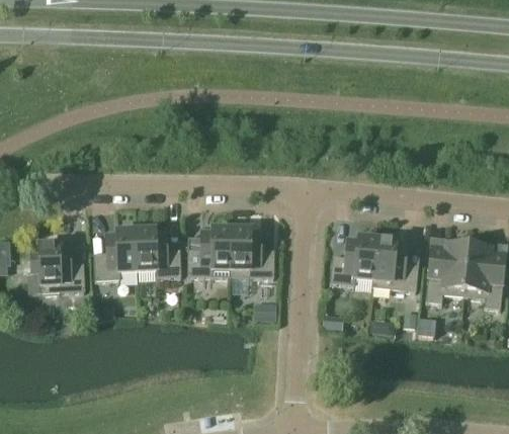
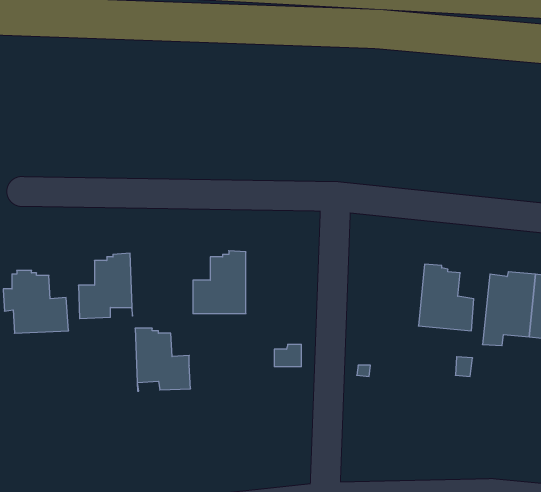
building: [231,226,274,277] -> none
building: [136,227,181,278] -> [135,328,191,391]
building: [329,234,377,286] -> none

